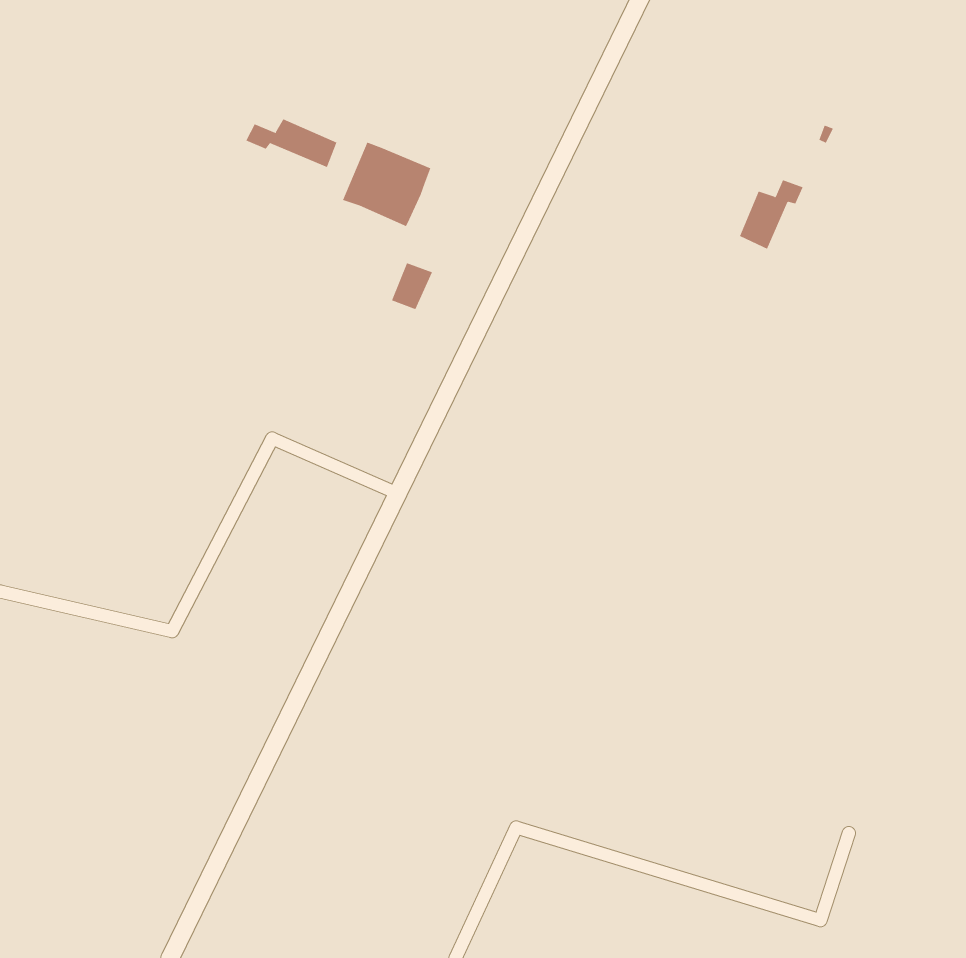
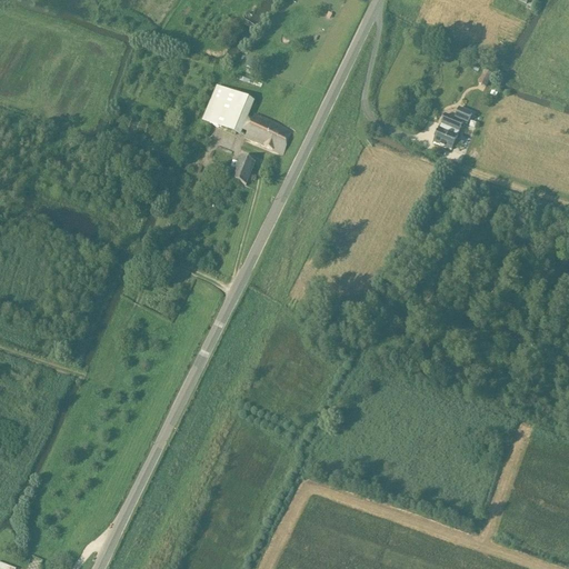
building: [245,118,337,168] -> none
building: none -> [244,112,292,151]

